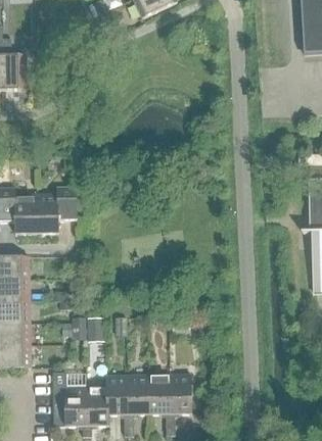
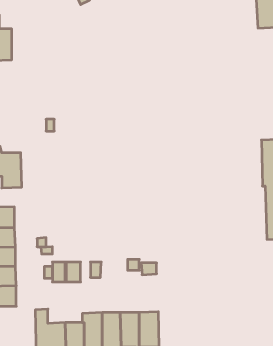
building: [36,185,75,233] -> none

